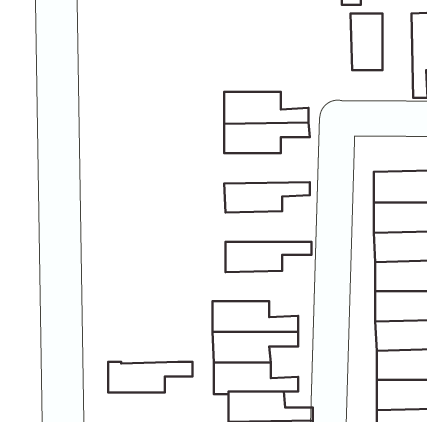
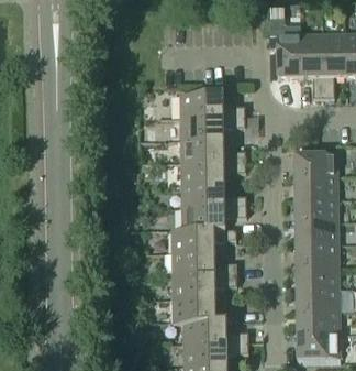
building: none -> [300,34,323,98]
building: none -> [180,140,245,163]
building: none -> [181,184,246,207]
building: [108,362,193,392] -> [171,229,235,252]

